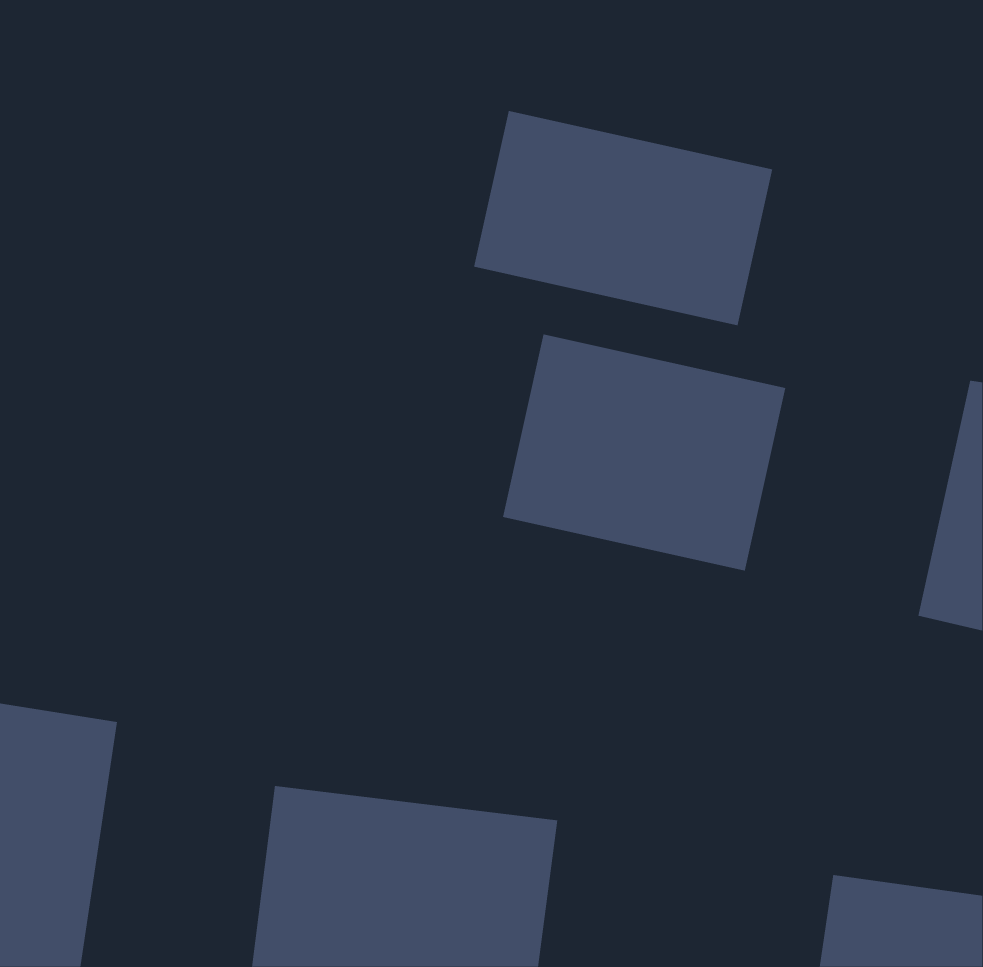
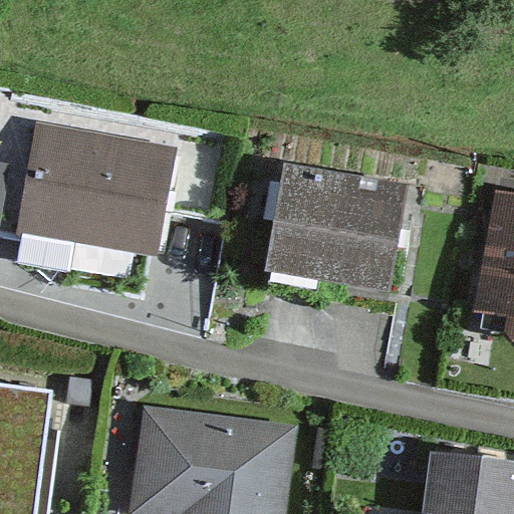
building: [473,110,773,326] -> none
building: none -> [19,122,177,253]

